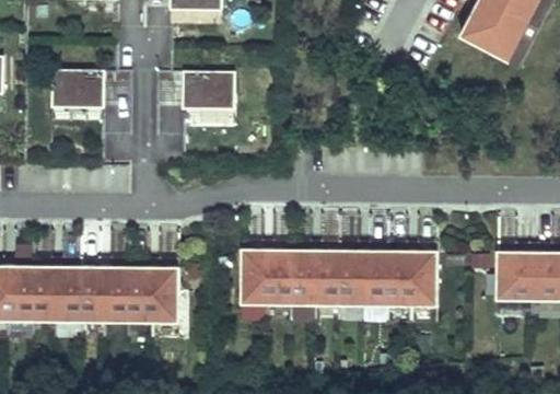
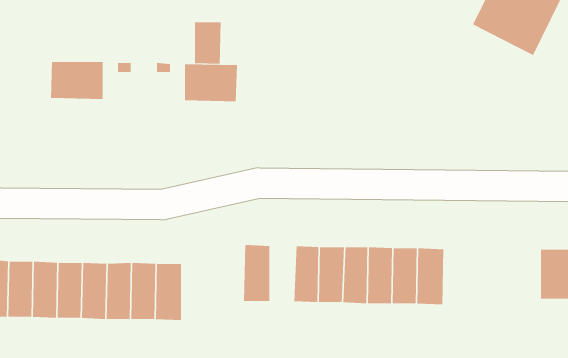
building: none -> [194,22,221,64]
building: [265,250,290,304] -> none
building: [493,253,529,302] -> none

